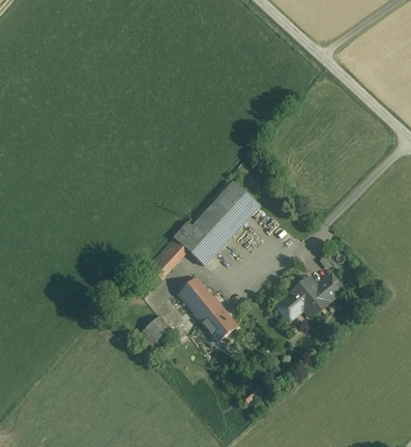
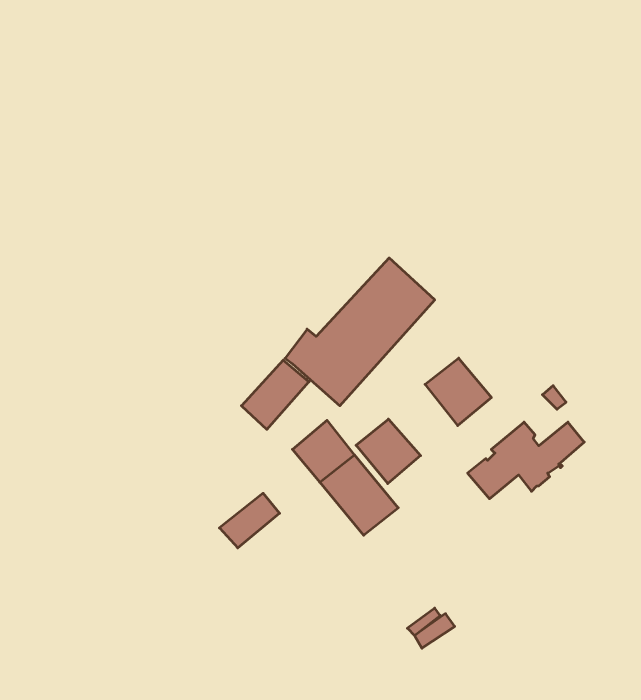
building: none -> [425,358,491,426]
building: none -> [356,419,421,484]

